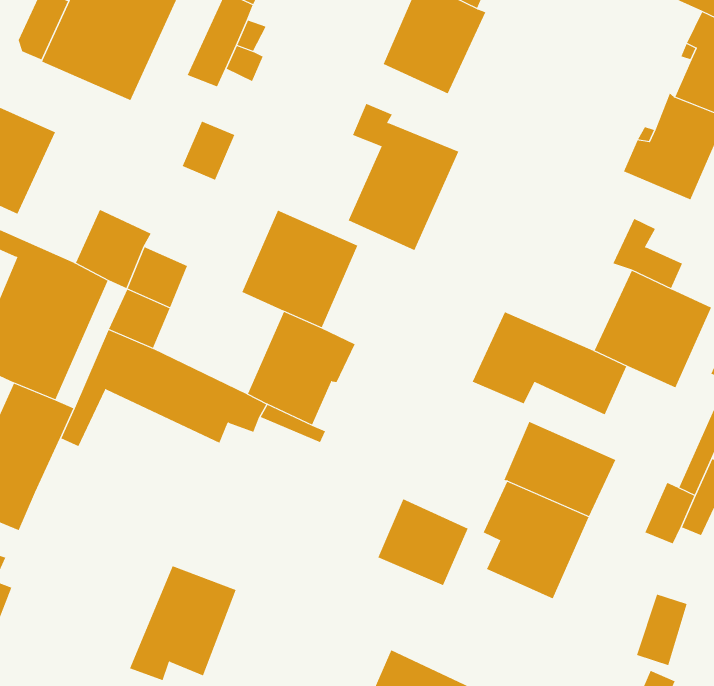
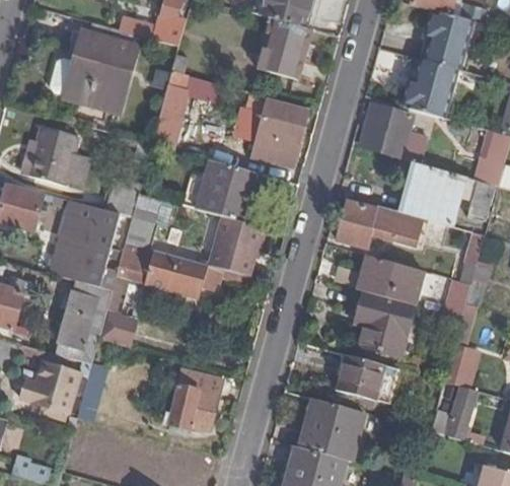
building: none -> [360,105,411,154]
building: none -> [98,307,138,349]
building: [378,499,468,586] -> [335,354,383,400]

